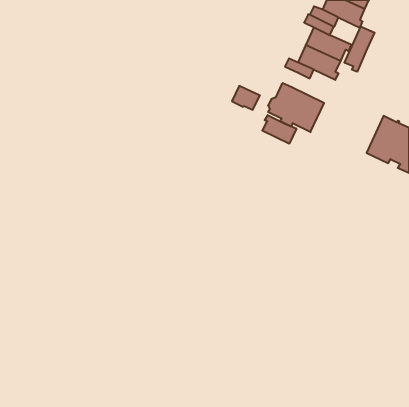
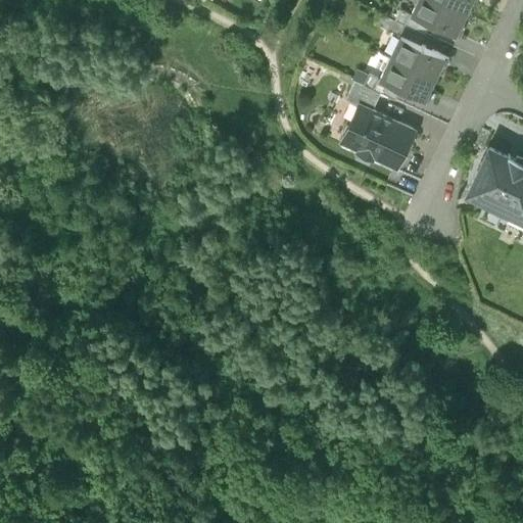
building: [344,26,375,72] -> none
building: [232,86,260,110] -> [345,83,381,113]
building: [262,115,296,144] -> none

